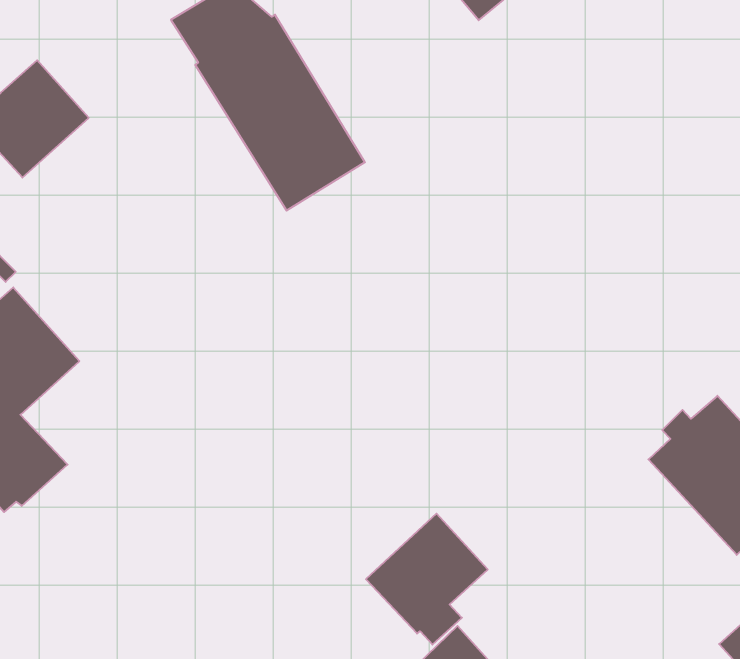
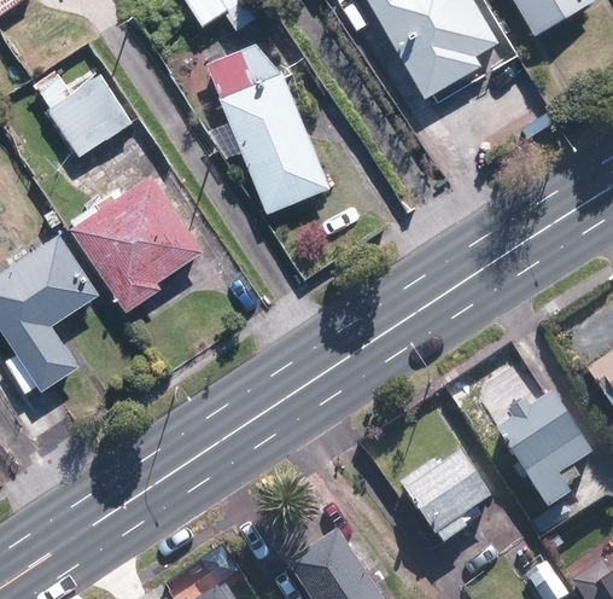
building: none -> [71,174,203,309]
building: [366,514,488,645] -> [403,450,491,543]

